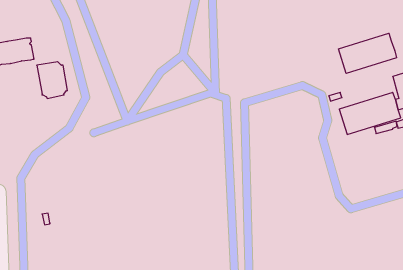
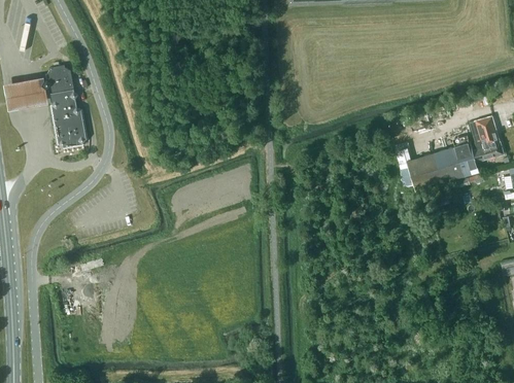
building: none -> [43,65,76,109]
building: [339,33,397,73] -> none

